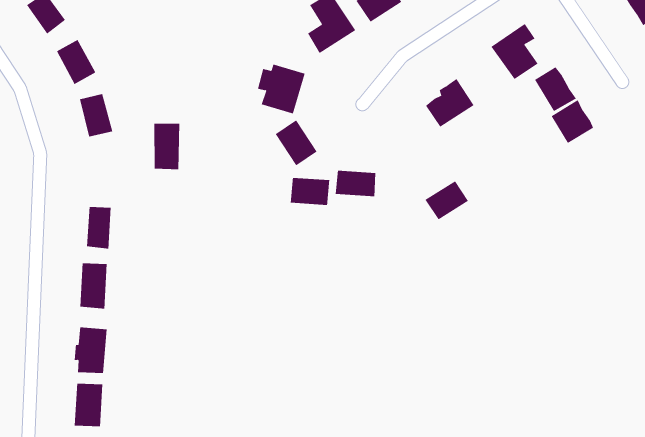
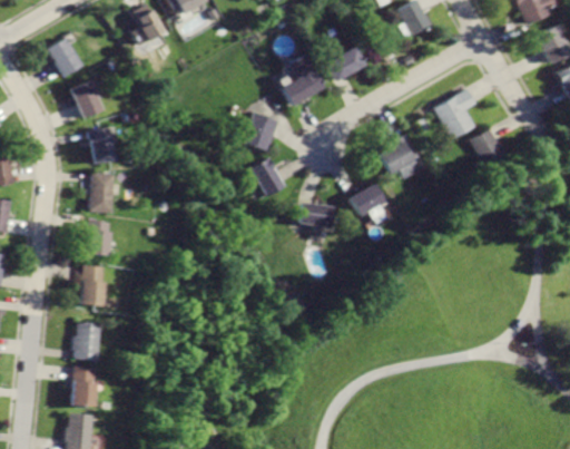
building: [551,99,594,144] -> none
building: [154,123,180,170] -> [94,173,118,213]
building: [290,177,330,206] -> none
building: [425,181,469,220] -> [352,183,389,215]

